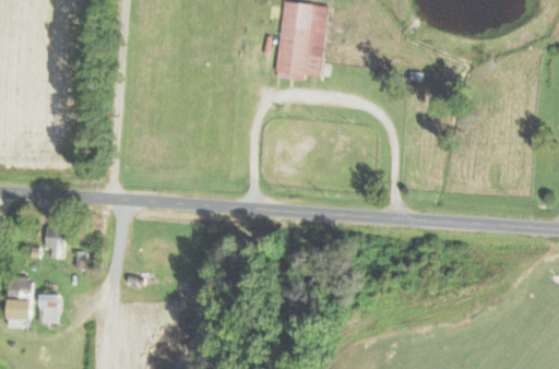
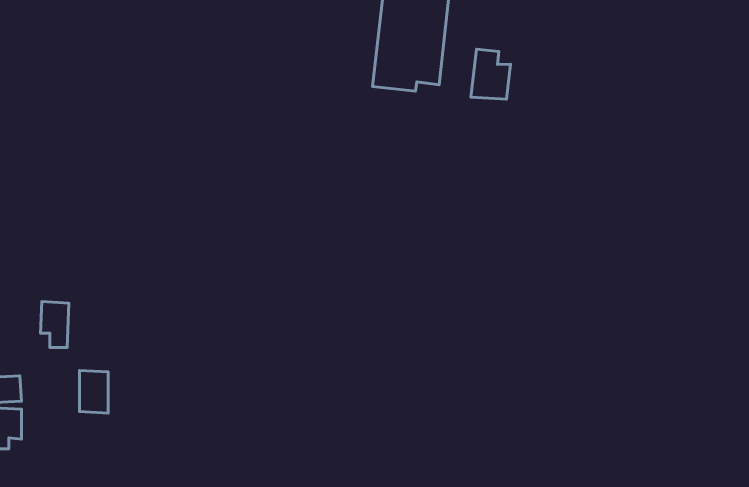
building: none -> [471,49,511,99]
building: [38,294,58,323] -> [80,370,108,413]

